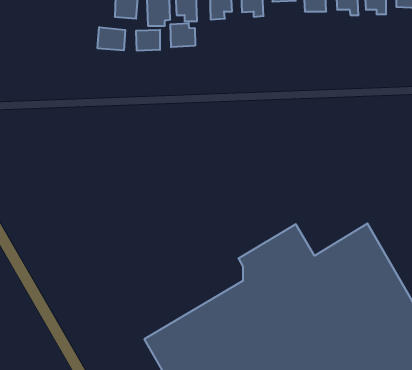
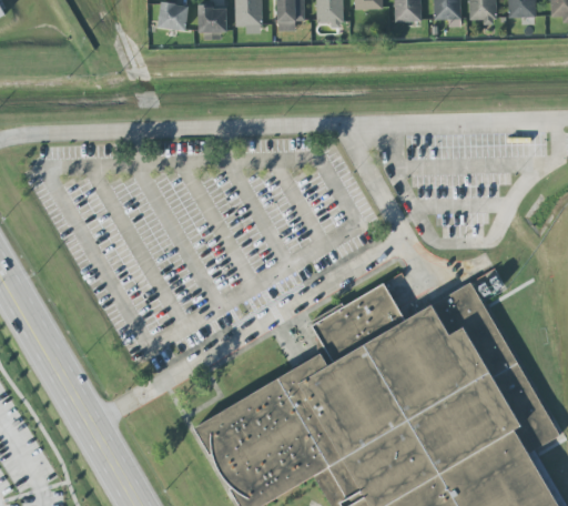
building: [170,23,195,47] -> none
building: [98,27,125,50] -> none
building: [136,30,160,51] -> none

